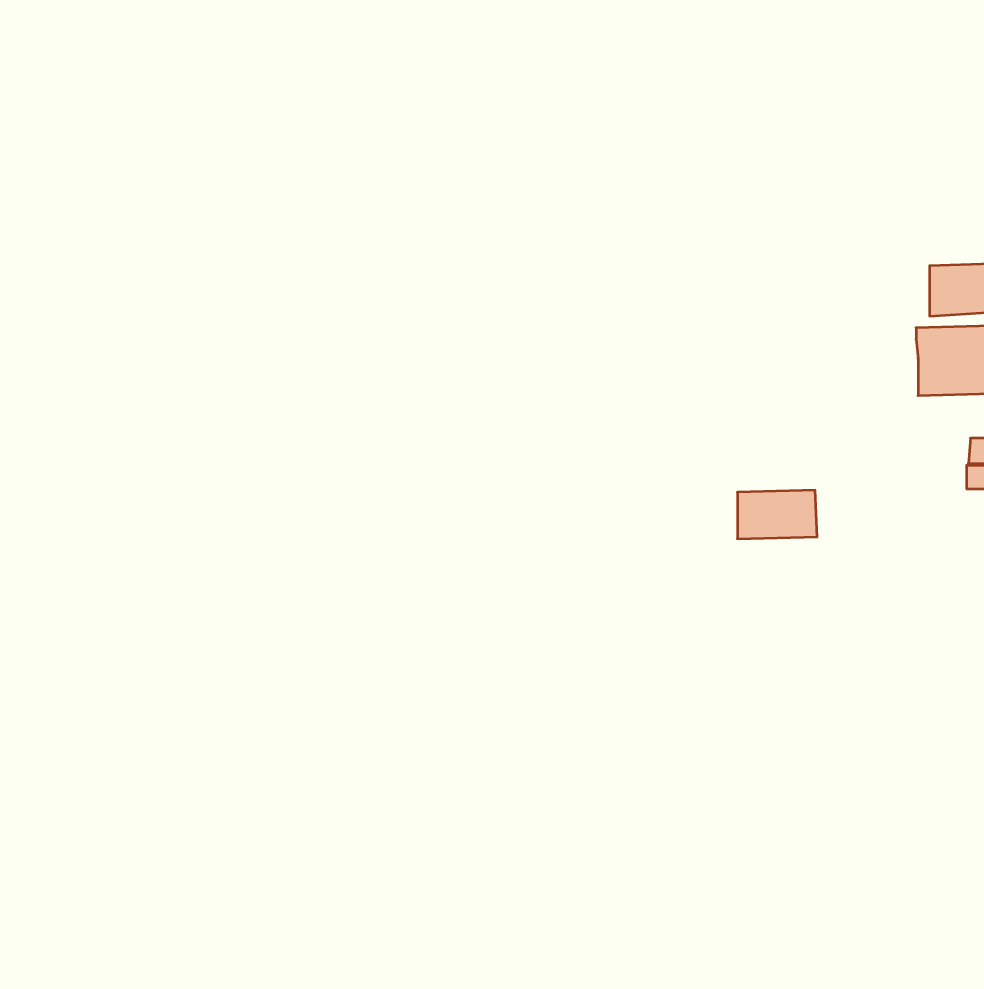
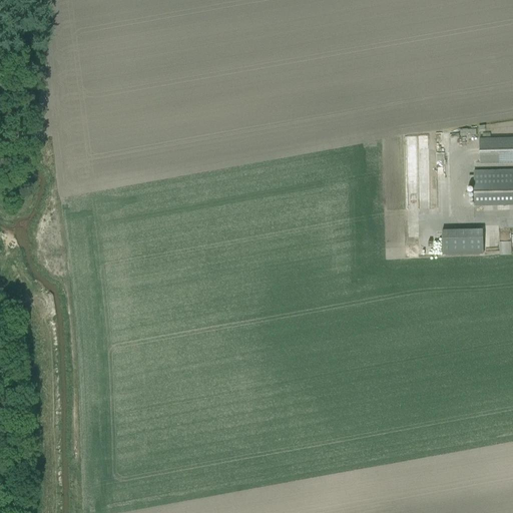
building: [737,490,817,539] -> [446,228,487,253]

